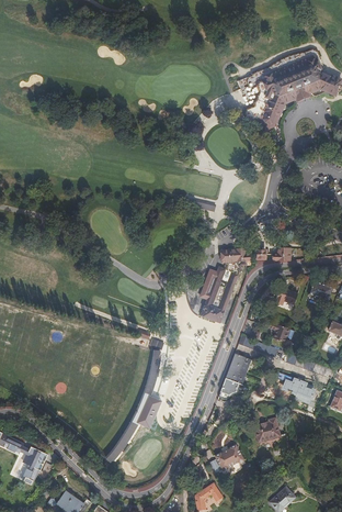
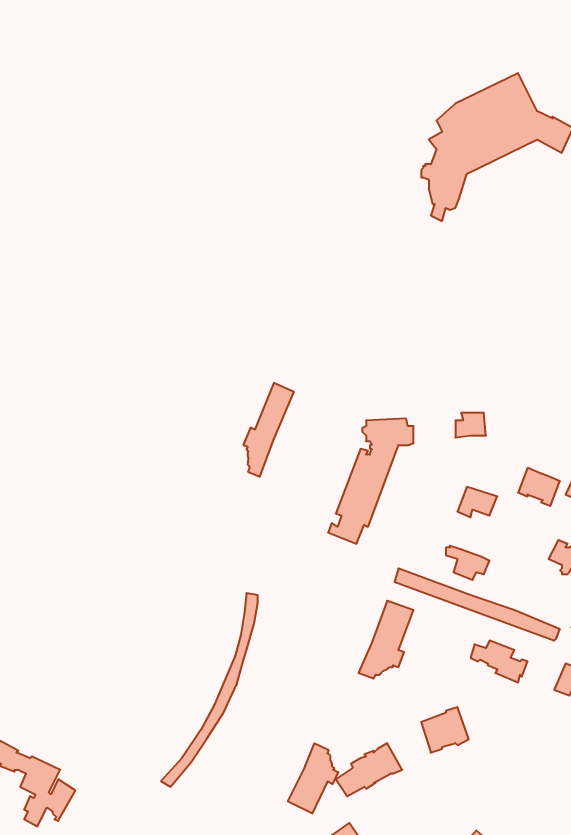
building: none -> [244,383,294,477]
building: none -> [288,743,338,814]

